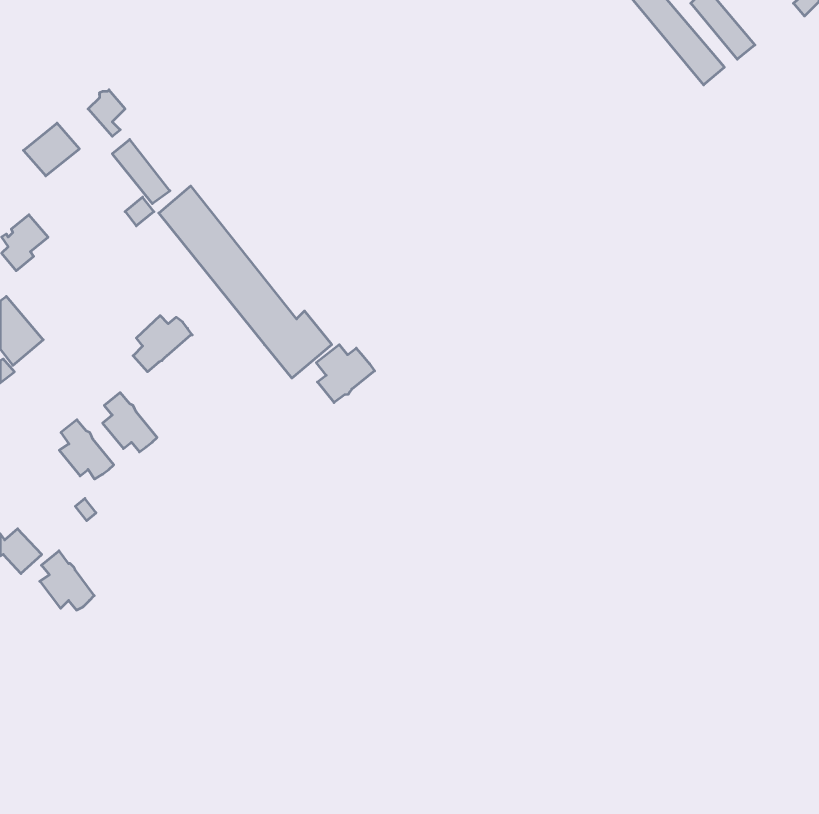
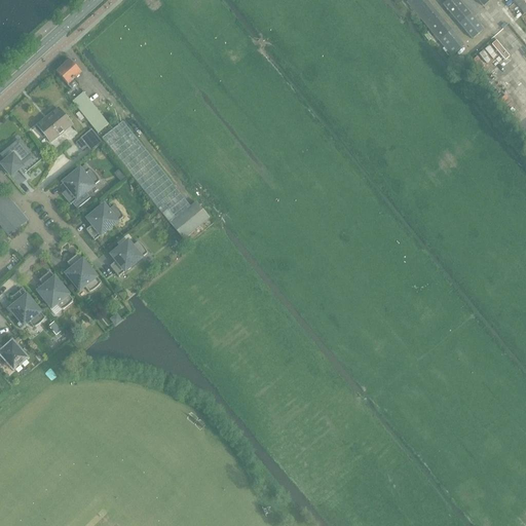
building: [23,123,79,176] -> [36,106,72,140]
building: none -> [62,162,99,206]
building: [316,345,375,403] -> none
building: none -> [110,239,147,274]
building: [40,551,94,610] -> [9,287,44,325]

